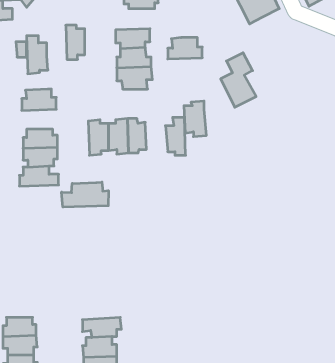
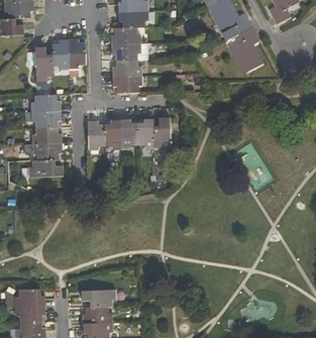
building: none -> [52,39,70,69]
building: [168,38,202,59] -> [111,25,140,43]
building: [221,53,256,107] -> [231,25,261,72]
building: [184,101,206,137] -> [136,118,155,148]
building: none -> [31,111,61,128]
building: [62,182,108,207] -> none

